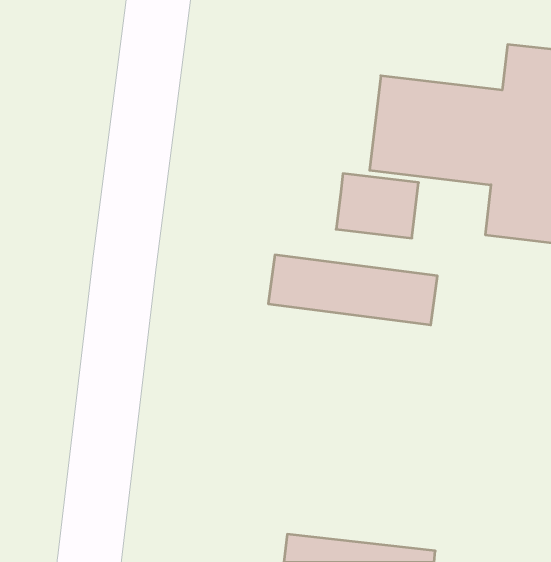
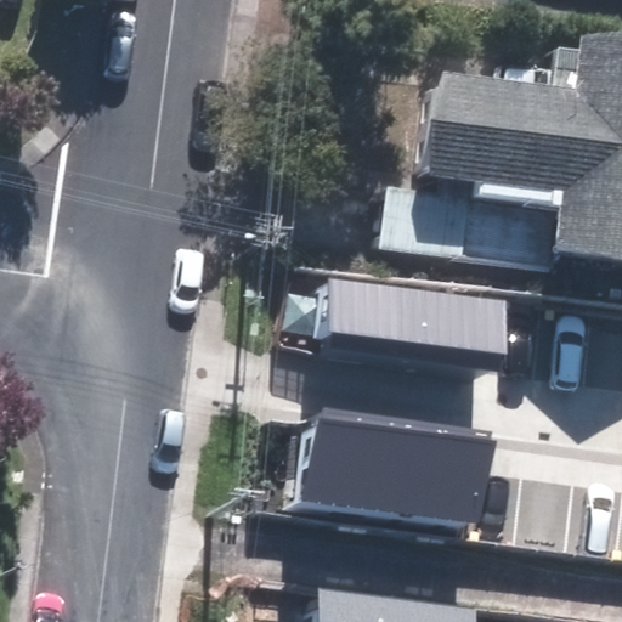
building: none -> [287,414,479,521]

